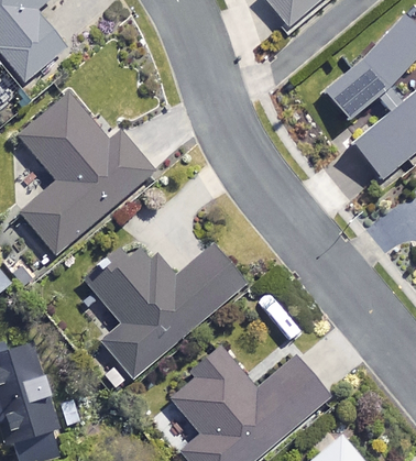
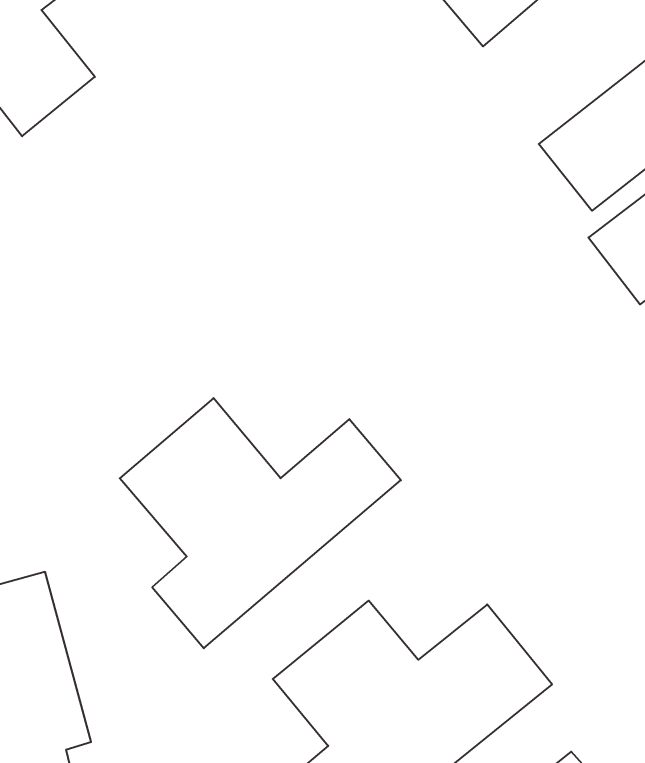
building: [19,92,154,255] -> none

